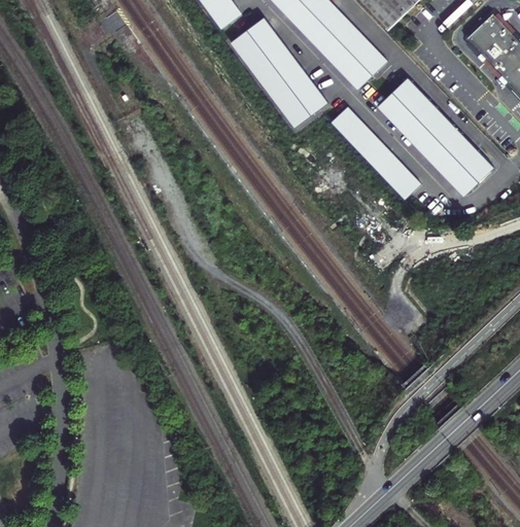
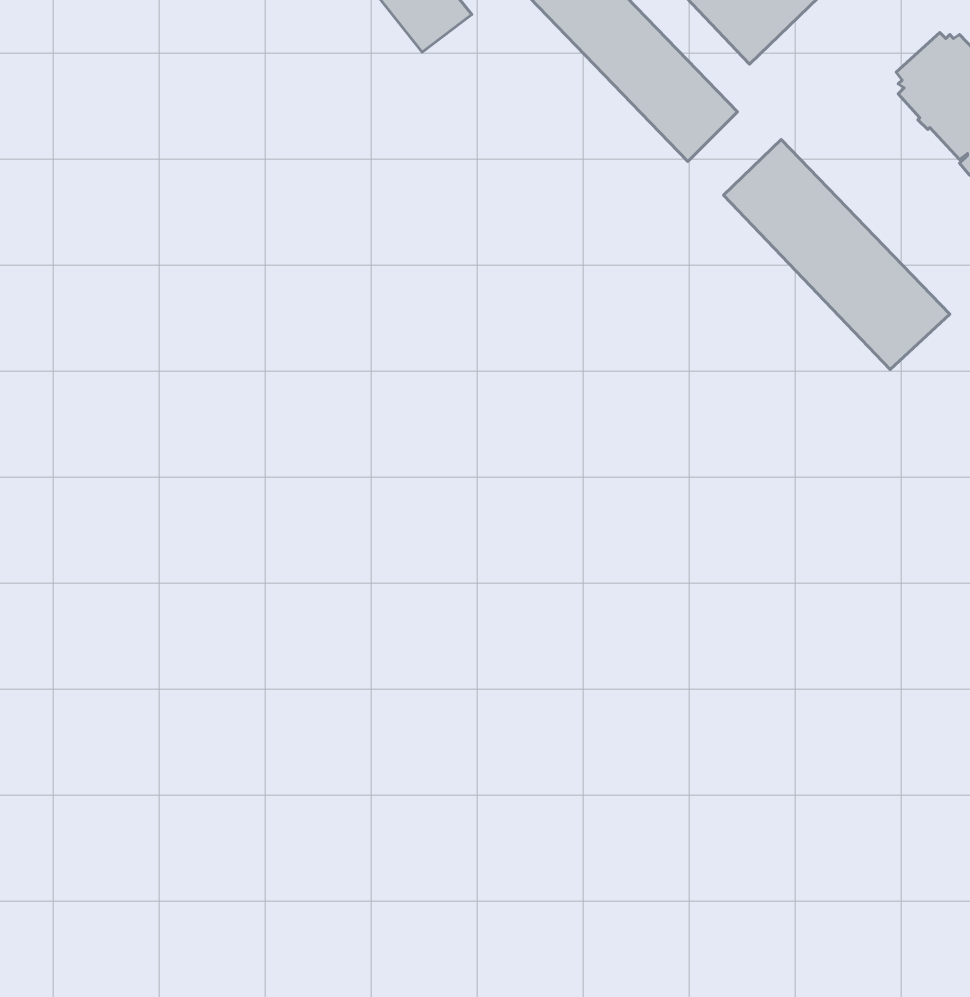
building: [230,9,337,127] -> none
building: [328,113,420,206] -> none

